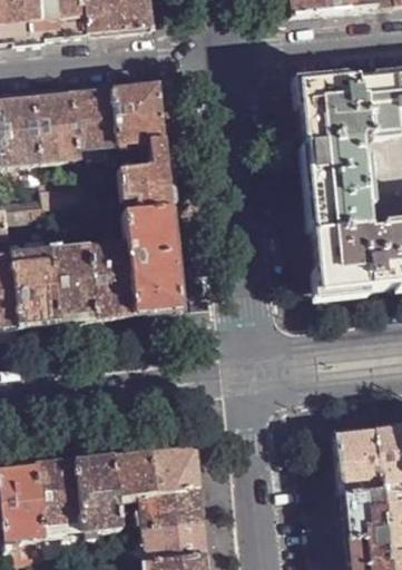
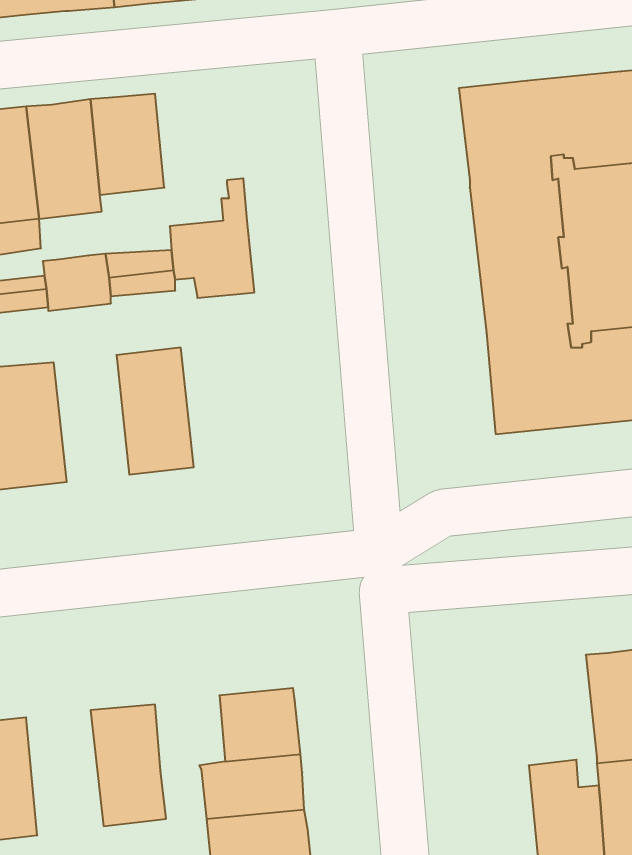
building: [112,82,166,144] -> none
building: [126,207,183,313] -> none
building: [51,245,97,322] -> none
building: [333,426,380,493] -> none
building: [112,451,155,497] -> none
building: [35,460,81,535] -> none

